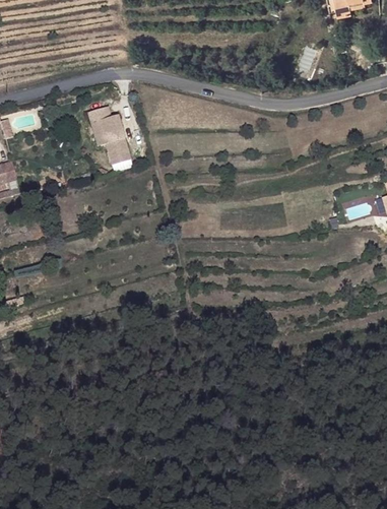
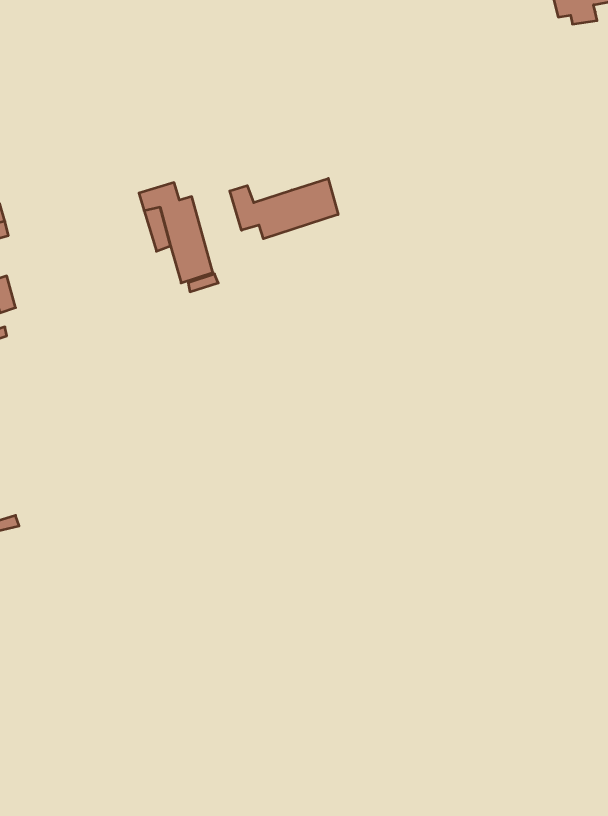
building: none -> [230,178,338,239]

